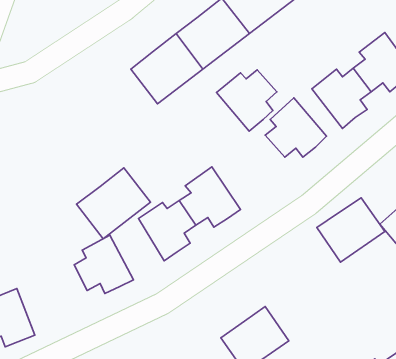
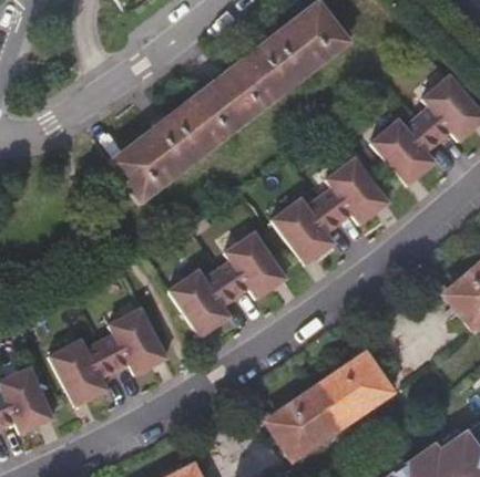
building: [217,70,277,131] -> [269,195,337,263]
building: [76,168,151,239] -> [111,121,194,200]
building: [317,198,385,262] -> [315,353,391,425]
building: none -> [50,338,115,404]

